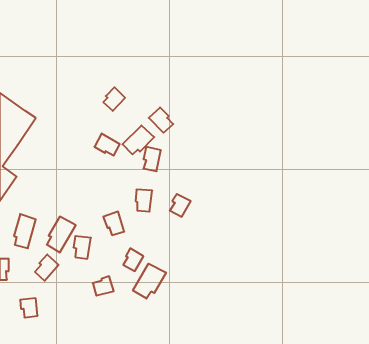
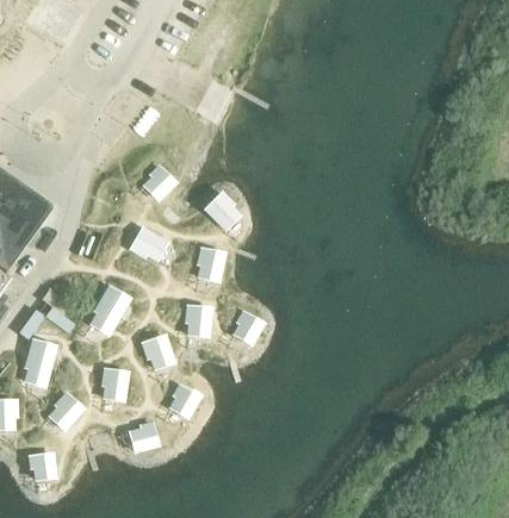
building: [122,125,154,154] -> none
building: [47,217,76,252] -> [87,286,126,335]
building: [133,264,166,299] -> none

